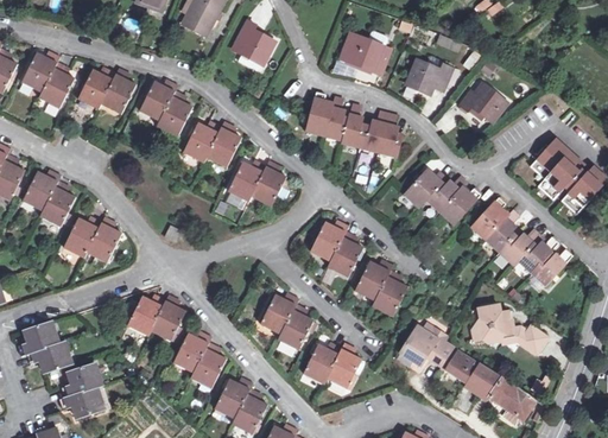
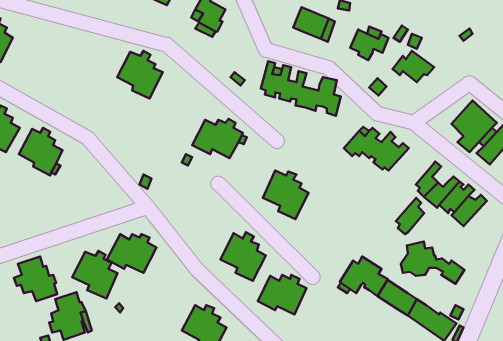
building: [21,52,74,108] -> none
building: [77,69,135,114] -> none
building: [183,121,241,167] -> none
building: [475,197,508,240] -> [396,198,424,234]
building: [63,217,121,264] -> none
building: [354,261,408,317] -> none
building: [172,332,226,388] -> [72,251,118,298]

